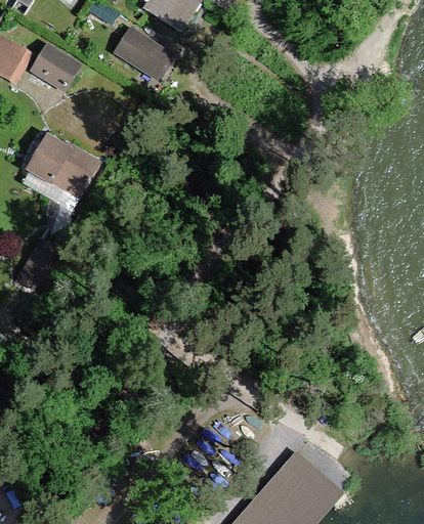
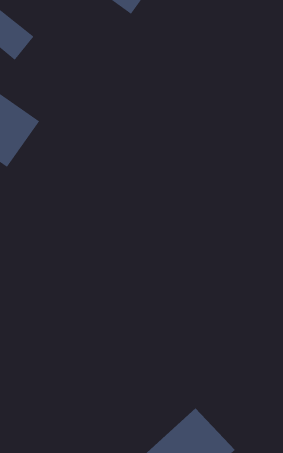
building: [113,35,170,84] -> none

